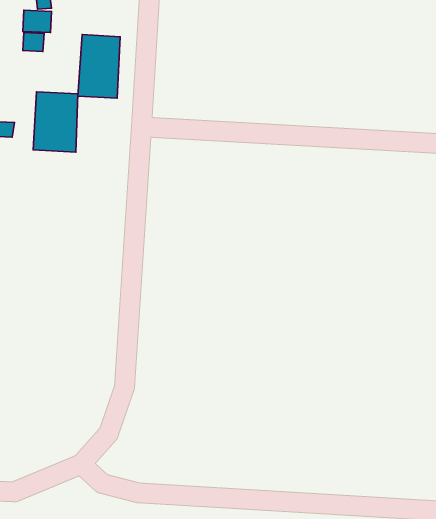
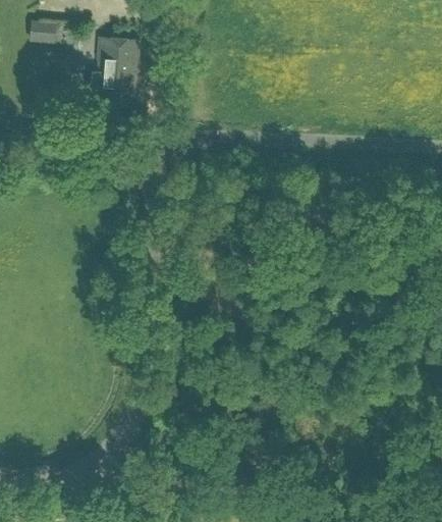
building: [33,92,78,152] -> none

